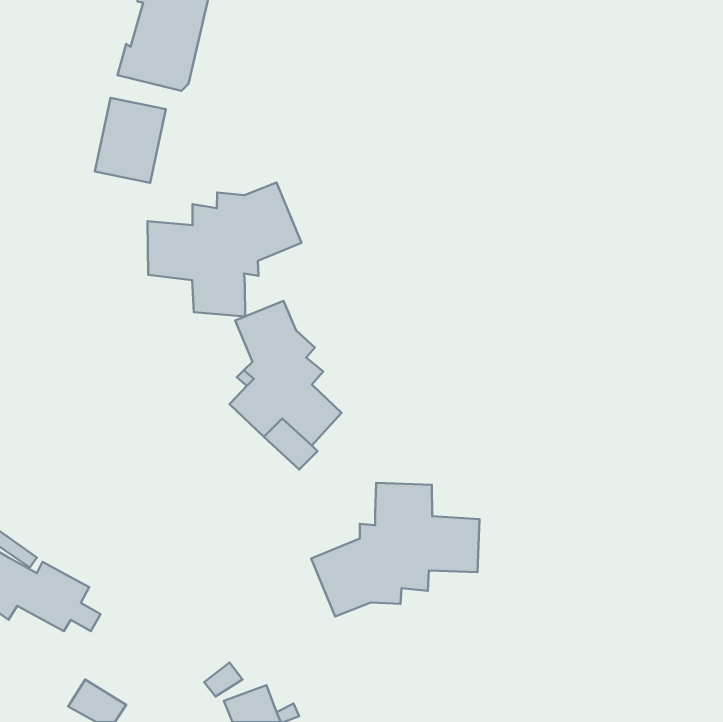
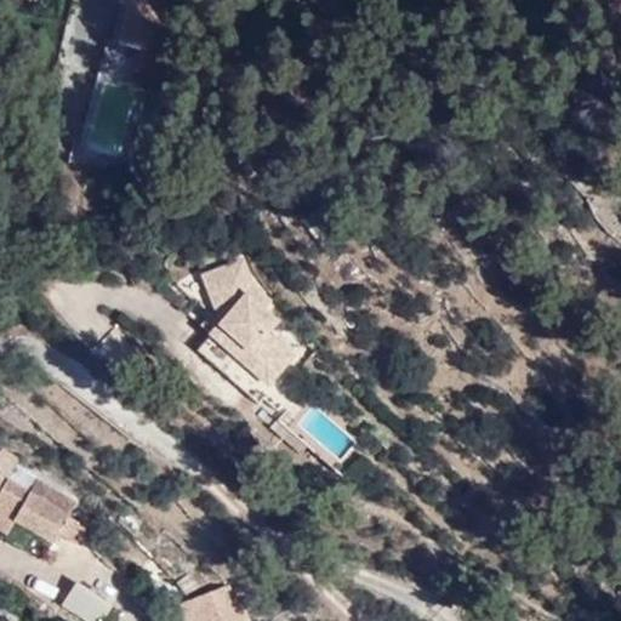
building: [148,183,302,316] -> none
building: [311,483,480,617] -> none

